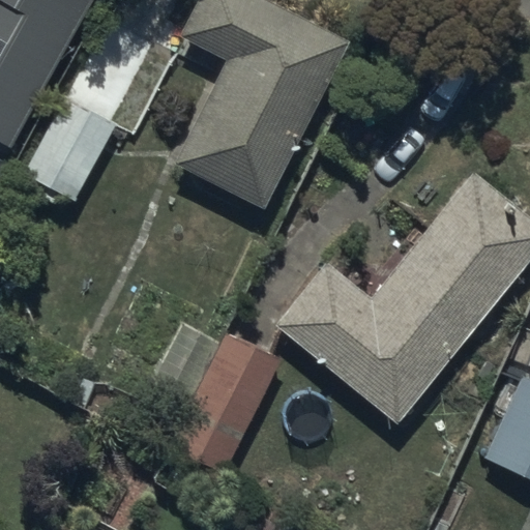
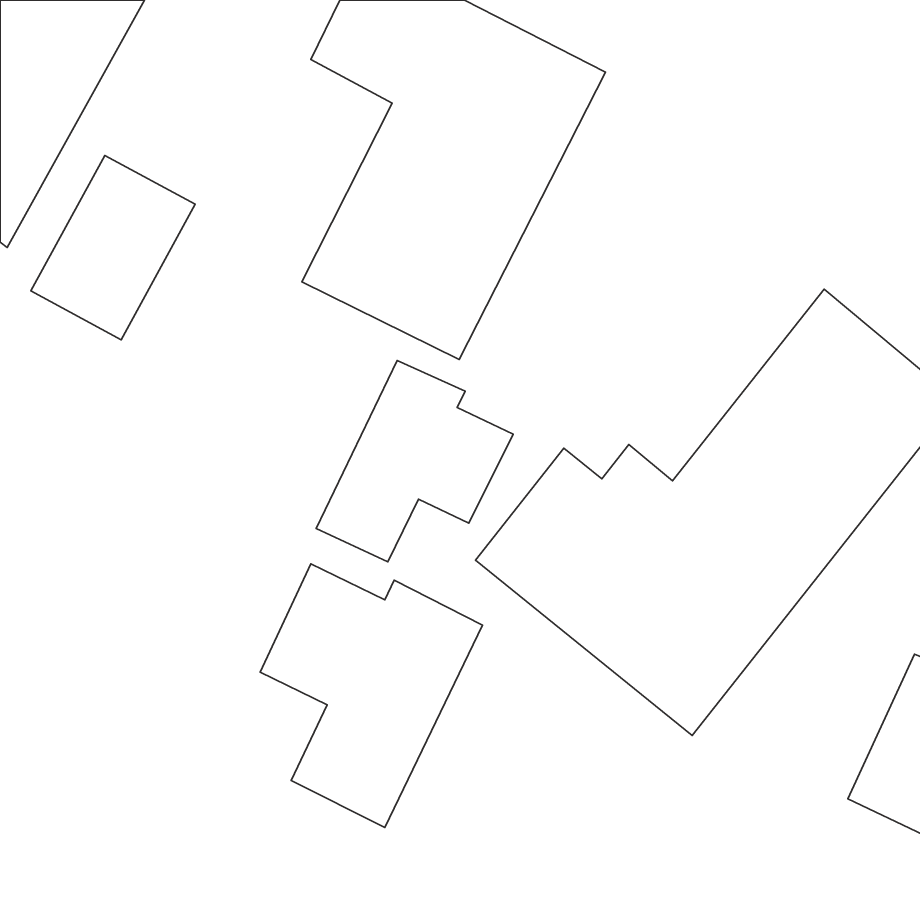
building: none -> [316,360,513,562]

